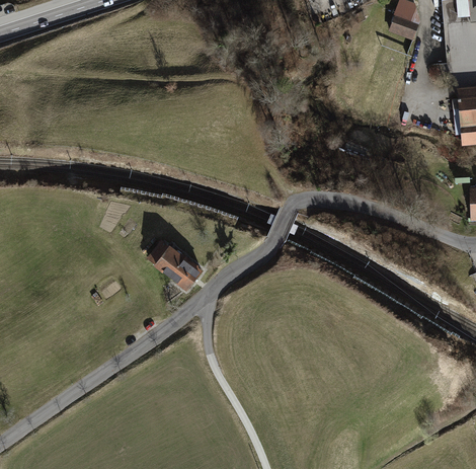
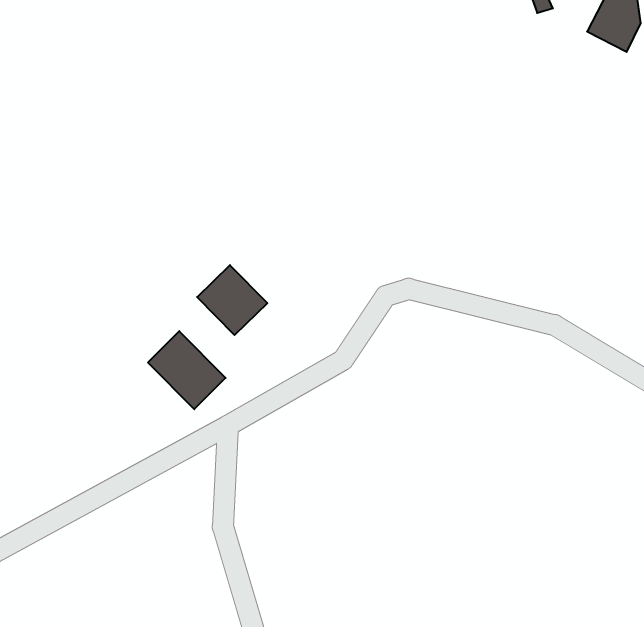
building: none -> [197,265,267,335]

